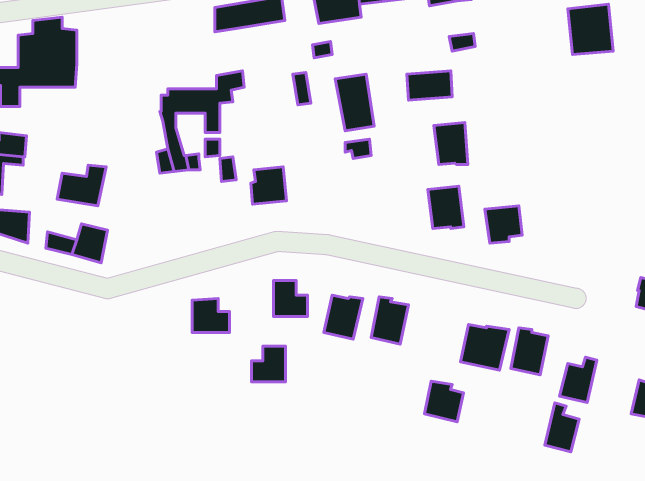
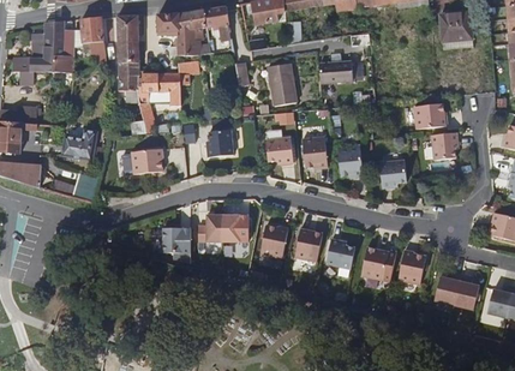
building: none -> [158,13,202,54]
building: none -> [119,14,140,90]
building: none -> [77,17,108,66]
building: [434,122,468,165] -> [301,137,327,168]
building: none -> [413,103,445,128]
building: none -> [430,132,457,160]
building: none -> [264,137,292,164]
building: none -> [121,149,162,175]
building: [251,346,286,382] -> [197,215,222,241]
building: [425,381,464,422] -> [325,239,354,269]
building: [545,403,579,452] -> [454,274,479,310]

